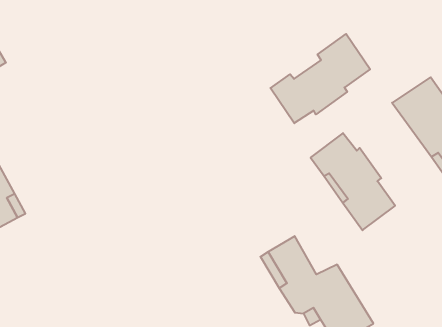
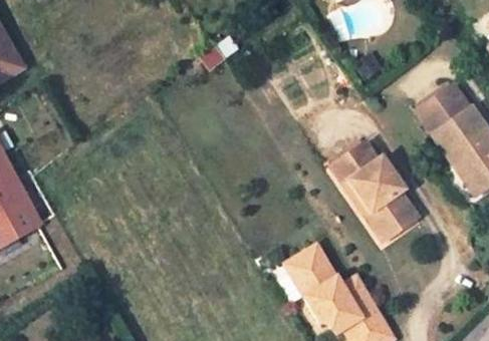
building: [270,34,370,123] -> none

